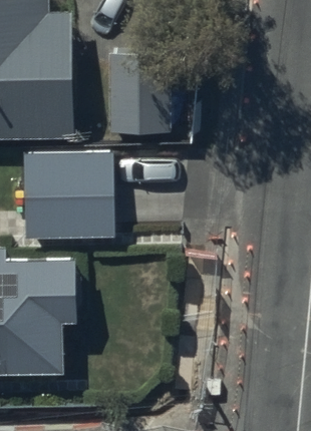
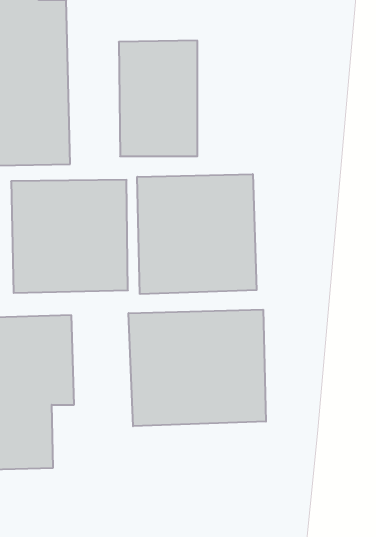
building: none -> [137,174,257,294]
building: none -> [129,310,266,426]

